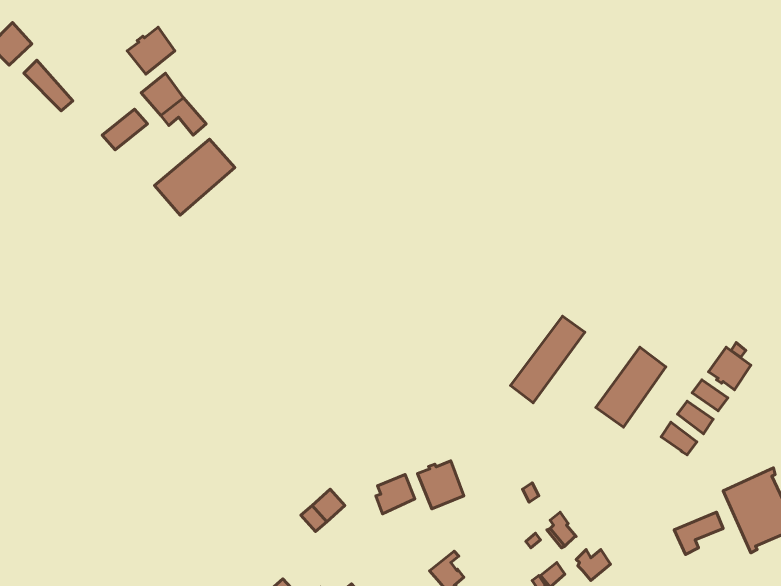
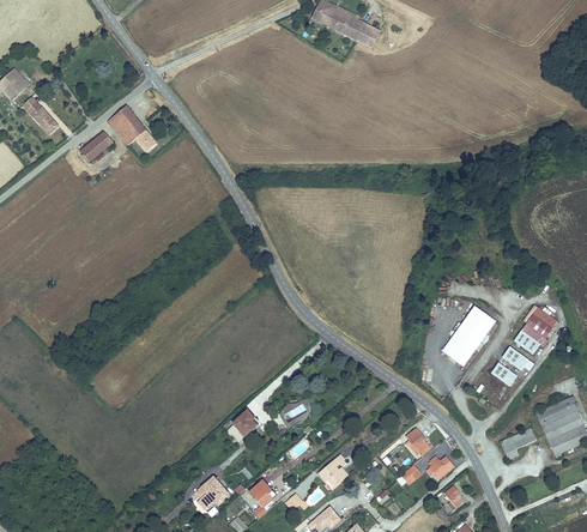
building: [127,27,175,74] -> none
building: [155,139,235,215] -> none
building: [510,316,585,403] -> none
building: [417,461,464,509] -> none

